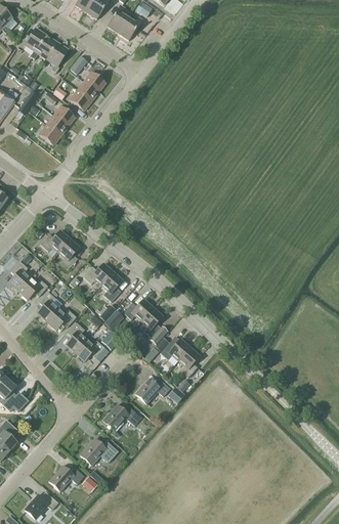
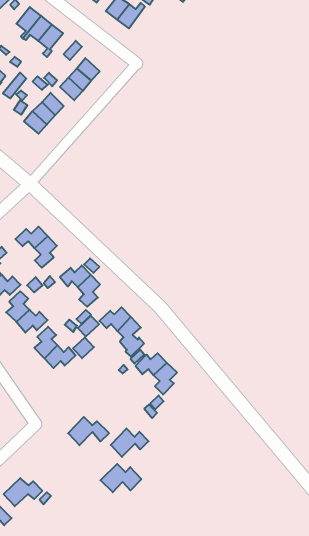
building: [134,377,169,403] -> [111,428,149,457]
building: [79,438,117,465] -> [100,464,141,492]

